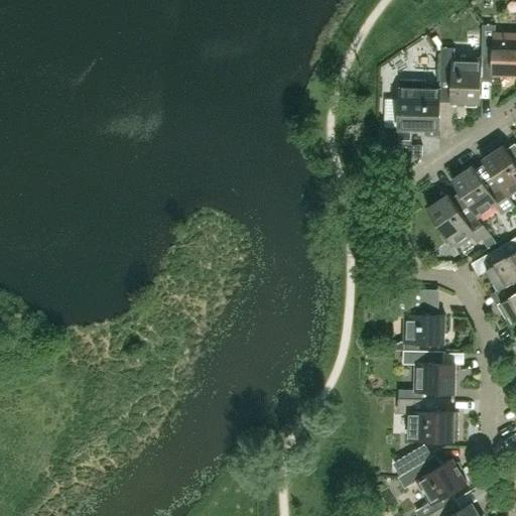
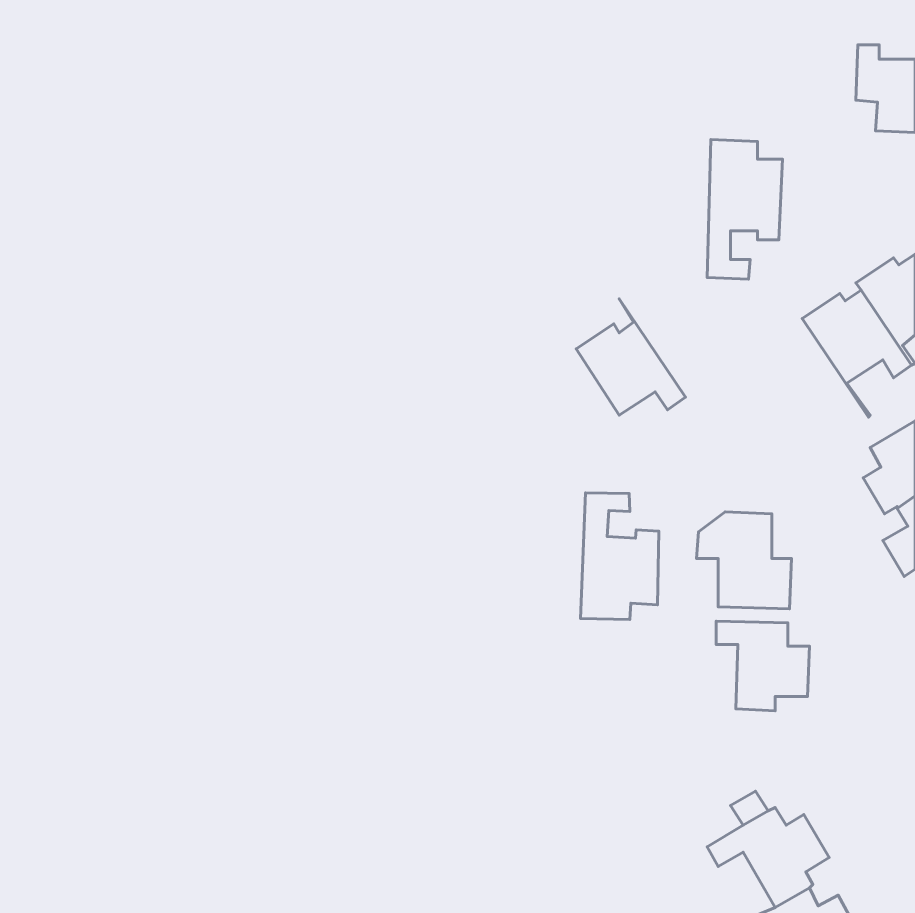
building: [440,48,482,104] -> none
building: [427,180,489,246] -> [576,299,686,415]
building: none -> [581,493,659,620]
building: [398,400,459,441] -> none

